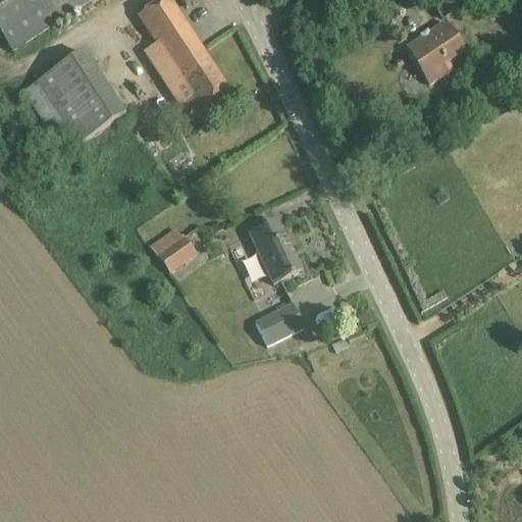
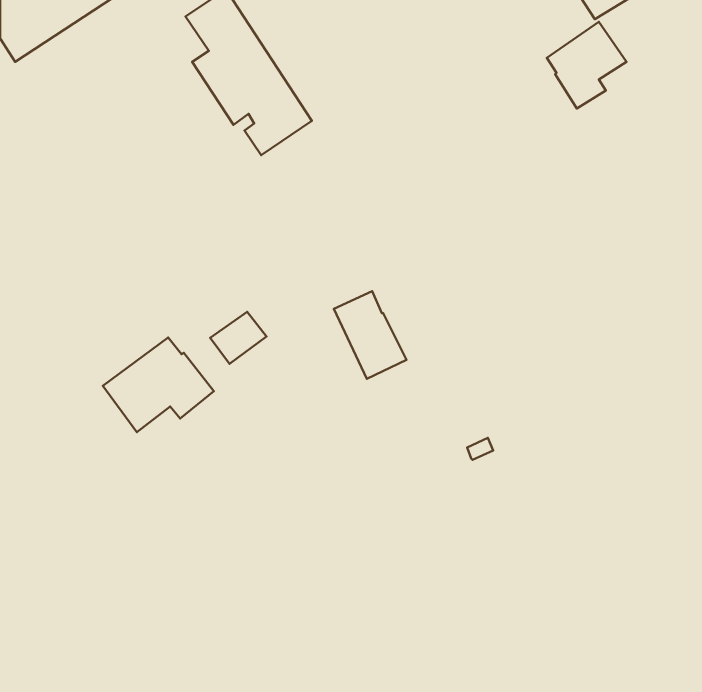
building: [23,48,124,149] -> none
building: none -> [103,337,214,432]
building: [255,302,301,342] -> none

